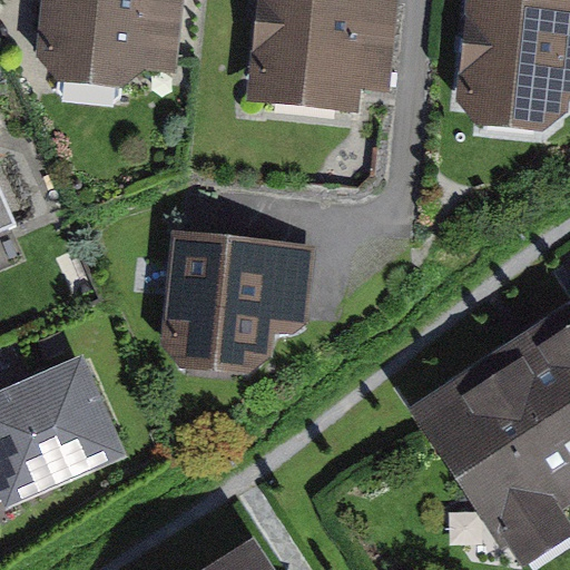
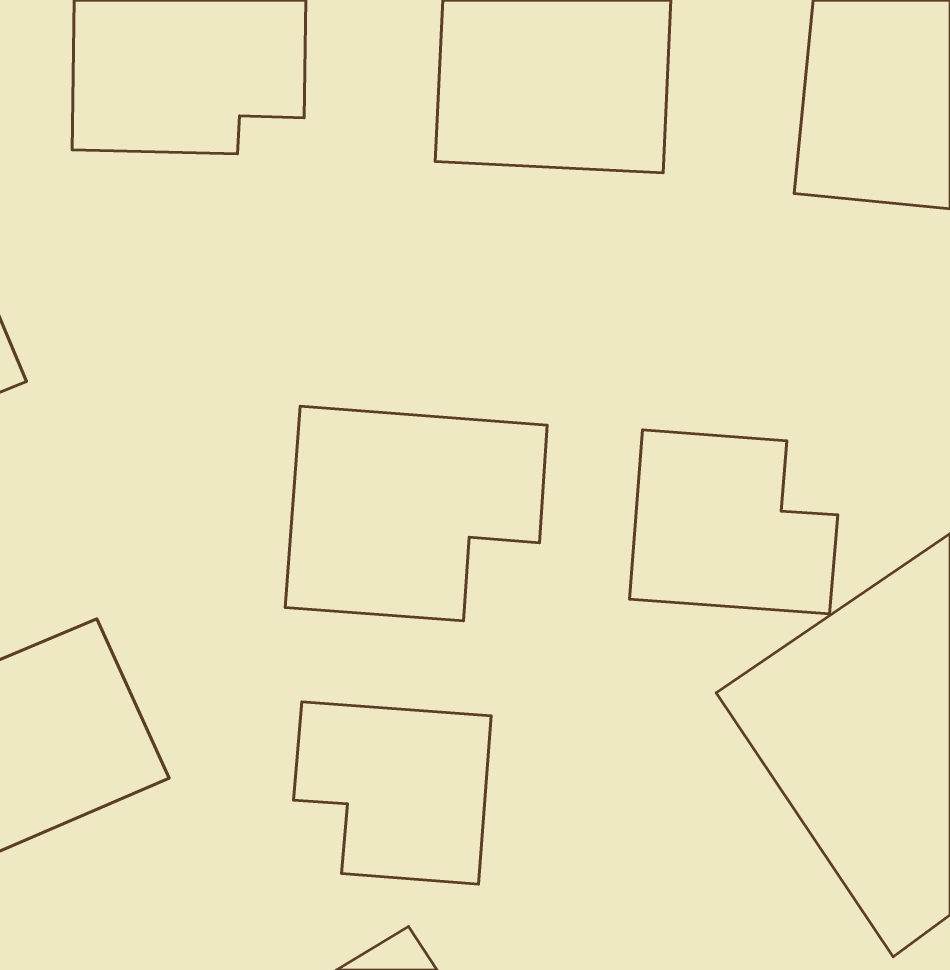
building: none -> [630,430,838,614]
building: none -> [293,702,491,884]

